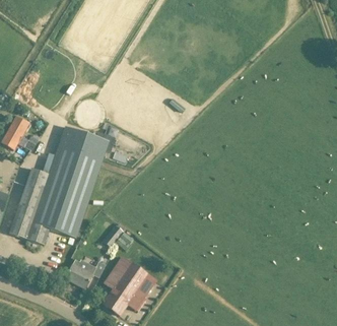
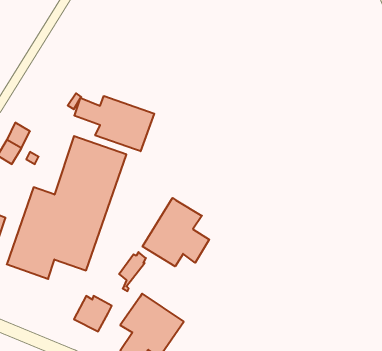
building: none -> [74,96,154,151]
building: none -> [143,198,209,266]

